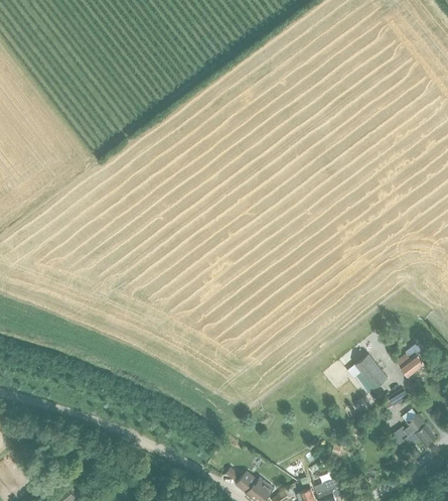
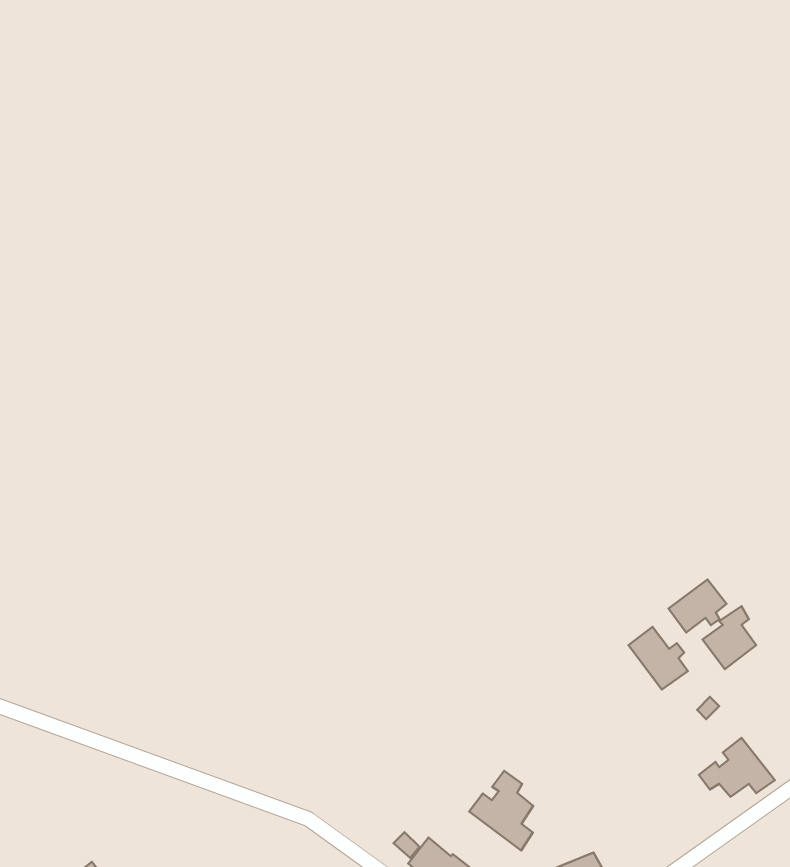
building: none -> [668,579,727,633]
building: none -> [469,771,533,850]

